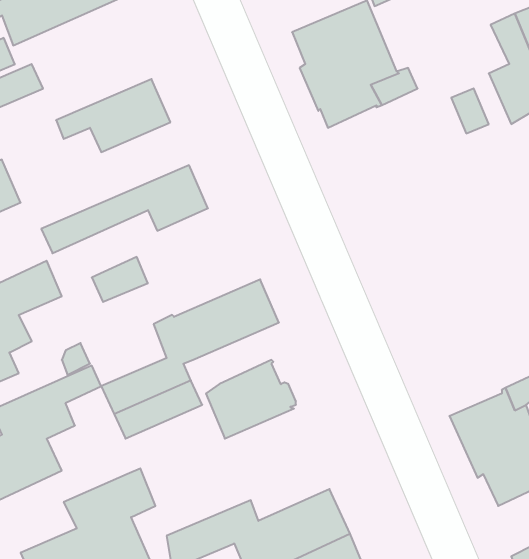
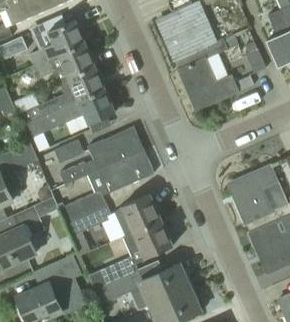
building: none -> [29,19,85,66]
building: none -> [178,58,237,109]
building: none -> [21,67,105,124]
building: none -> [59,127,143,184]
building: none -> [231,165,276,224]
building: none -> [89,220,172,288]

